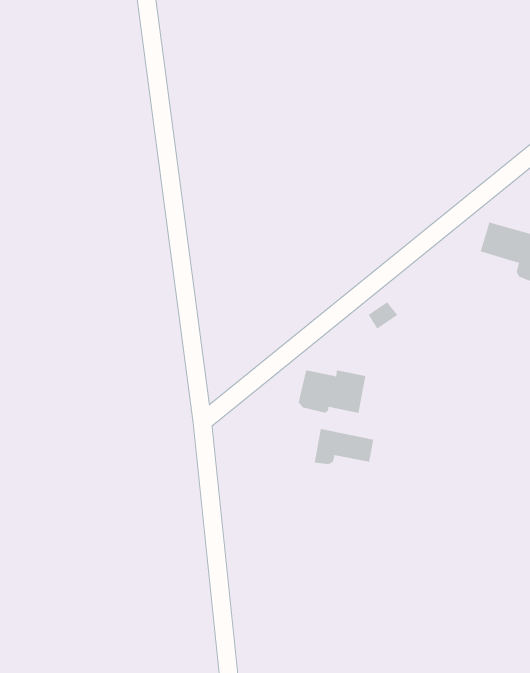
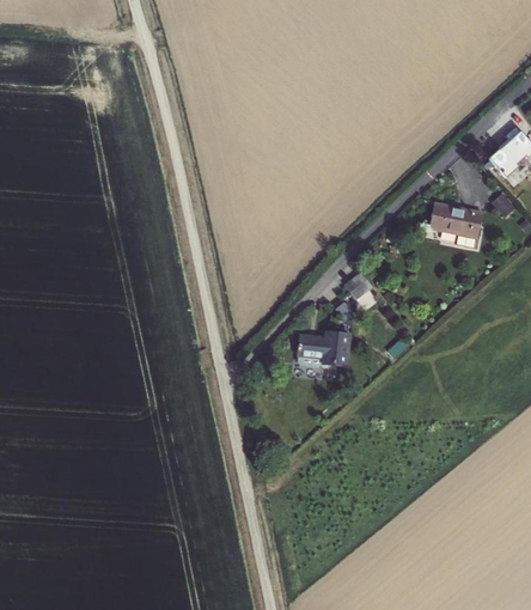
building: [314,428,374,465] -> none

